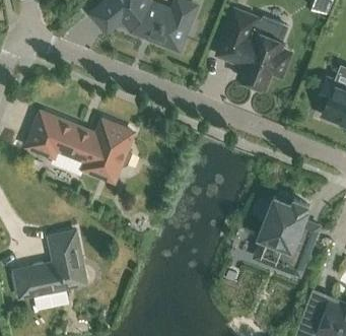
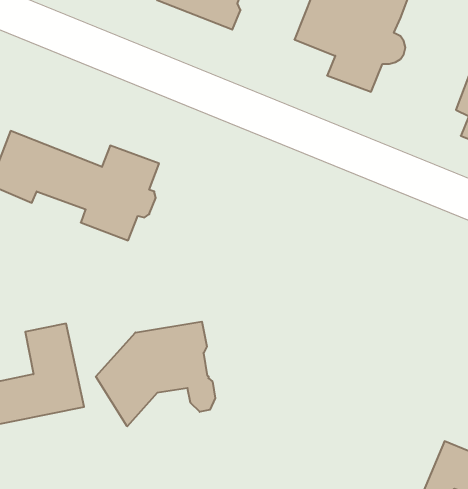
building: [259,197,316,274] -> none
building: none -> [96,322,215,426]

